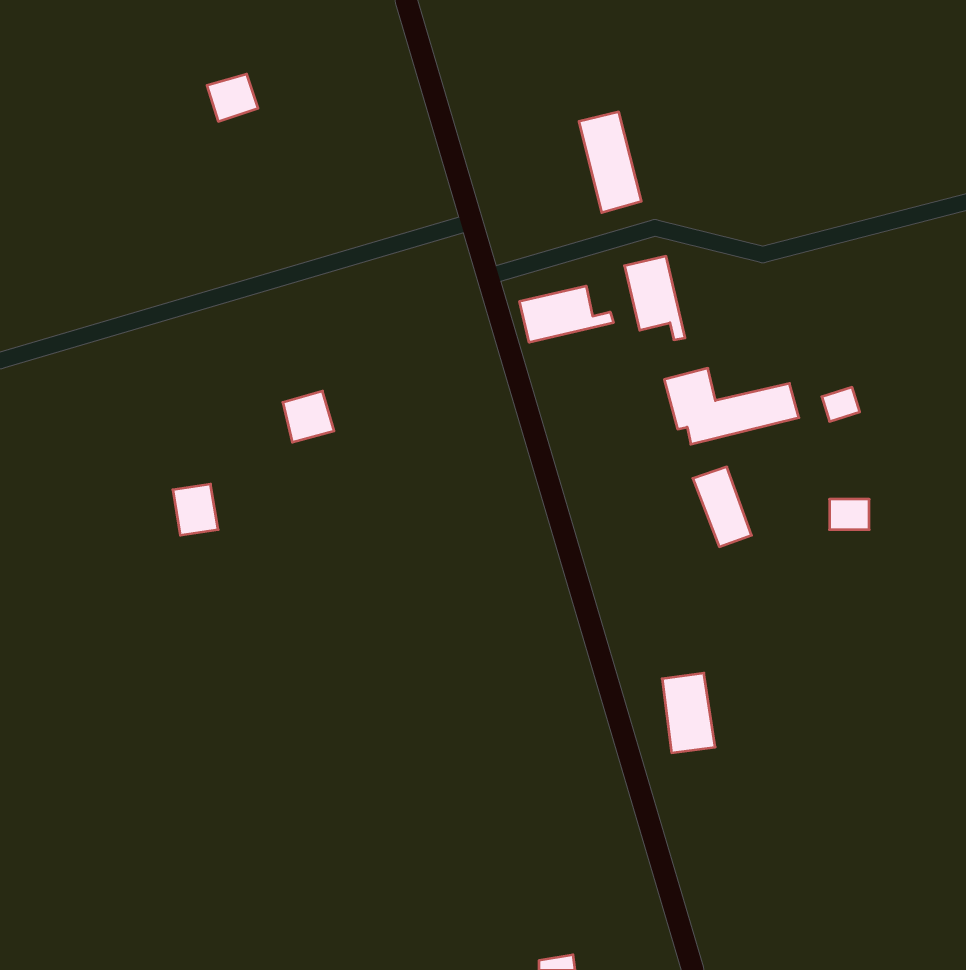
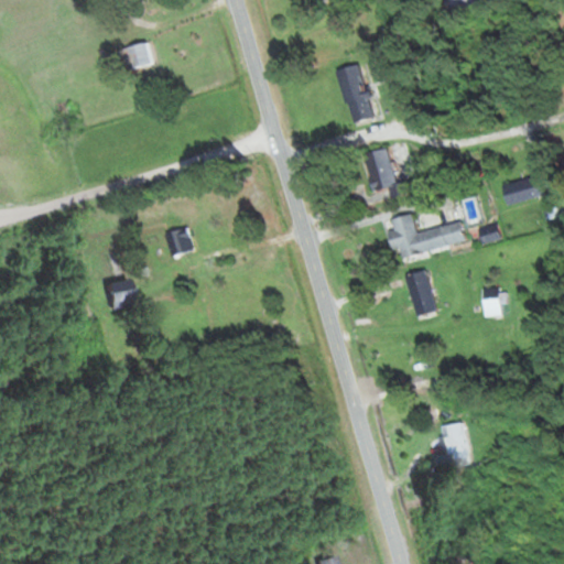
building: [520,286,613,342] -> none
building: none -> [502,176,544,206]
building: [662,673,715,753] -> [440,423,470,469]

